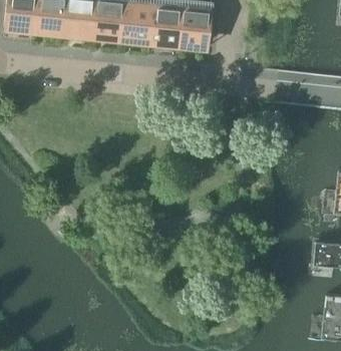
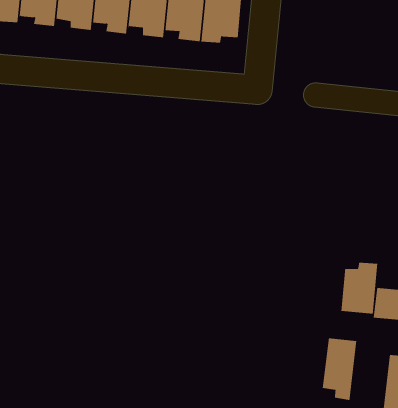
building: none -> [341,260,378,314]
building: none -> [322,337,357,401]

